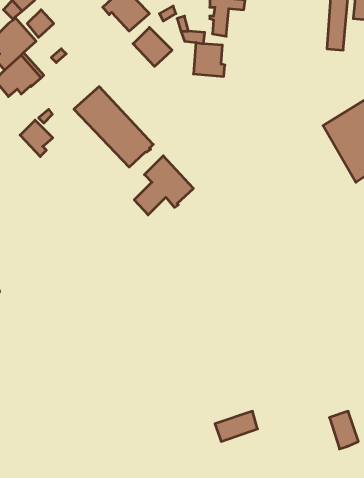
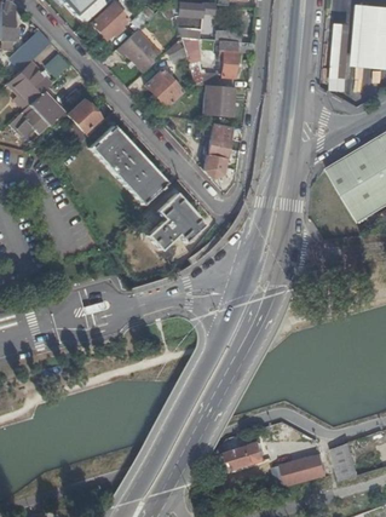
building: none -> [204,123,231,179]
building: [20,120,53,157] -> [69,102,100,137]
building: none -> [275,452,329,484]

